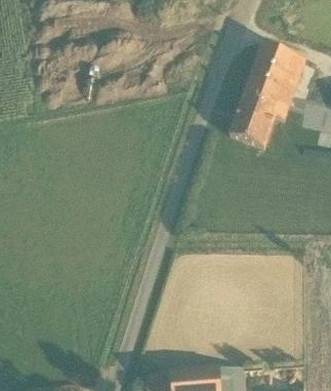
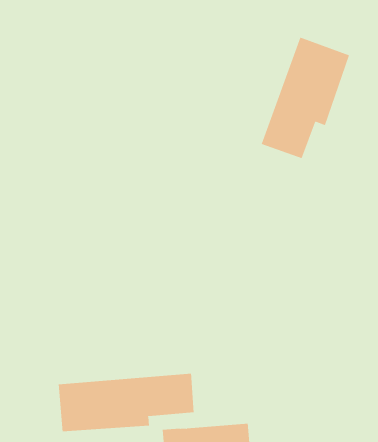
building: none -> [58,373,194,432]

